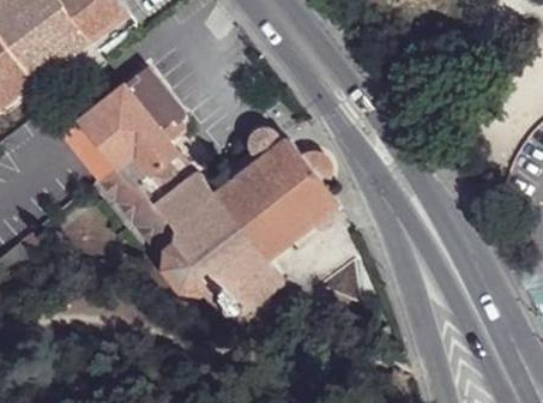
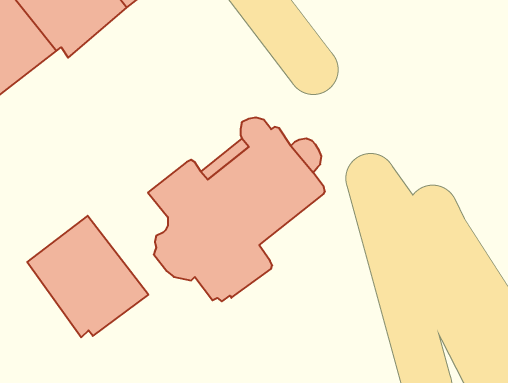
building: [60,66,193,263] -> none
building: none -> [27,216,148,337]

